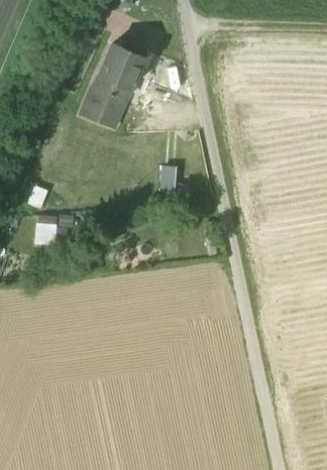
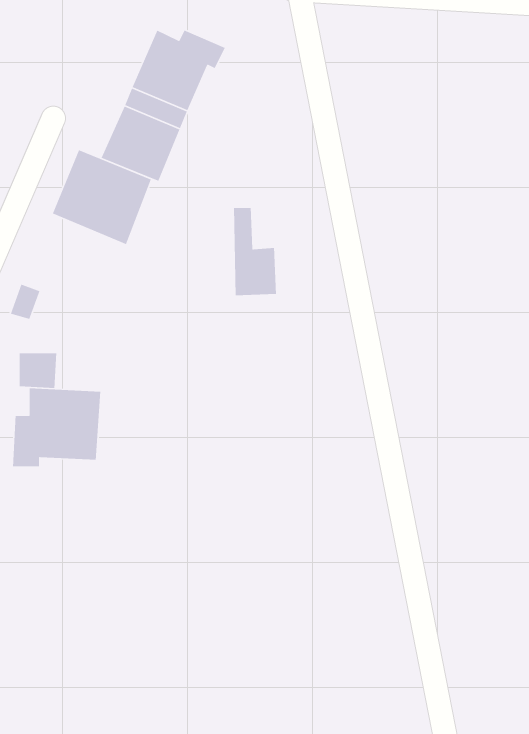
building: none -> [52,149,152,245]
building: none -> [12,387,101,467]

